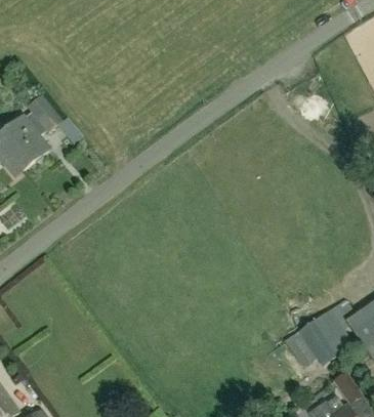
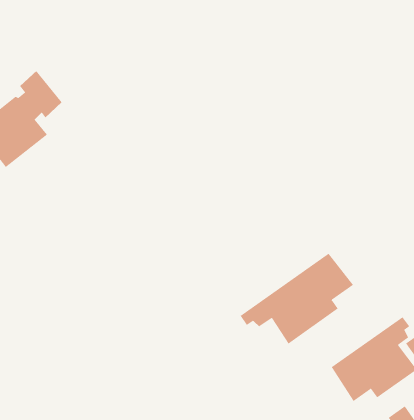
building: none -> [240,253,354,345]

